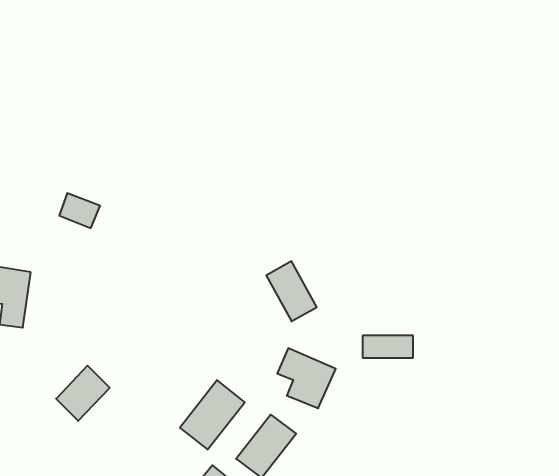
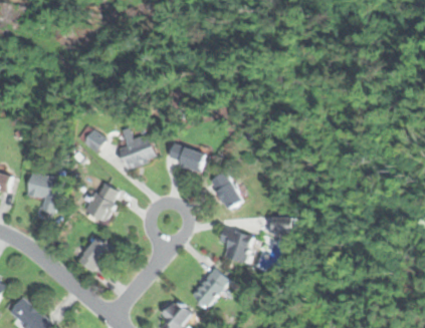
building: none -> [119,127,155,168]
building: none -> [167,142,205,171]
building: none -> [84,182,121,223]
building: [180,380,245,450] -> none

